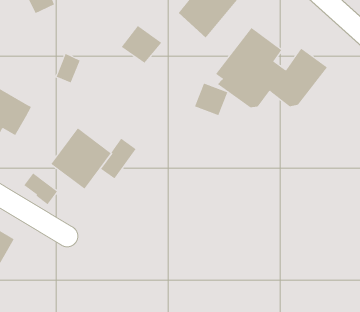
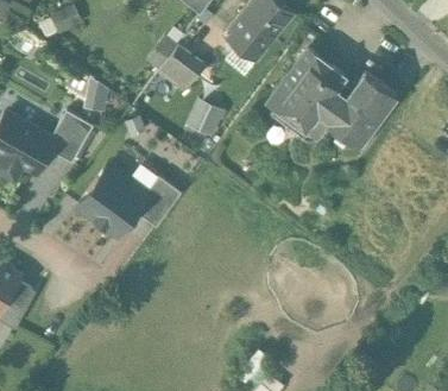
building: none -> [50,111,93,163]
building: [194,83,228,116] -> [187,97,226,135]
building: [24,173,58,205] -> none

